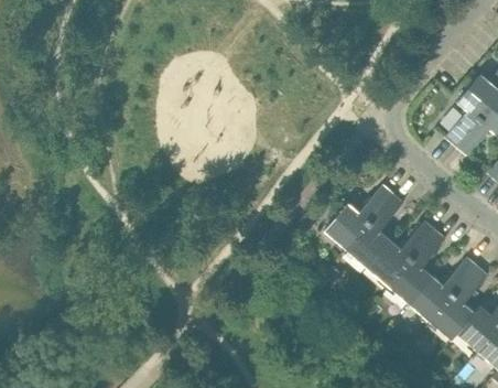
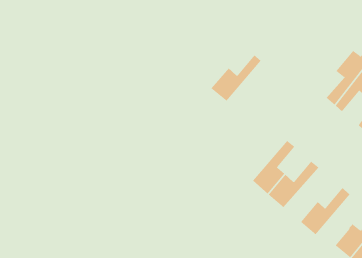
building: [324,185,392,248] -> [210,54,262,101]
building: [388,230,445,303] -> none
building: [431,267,487,340] -> none

